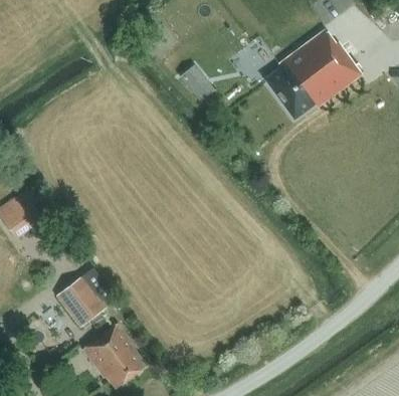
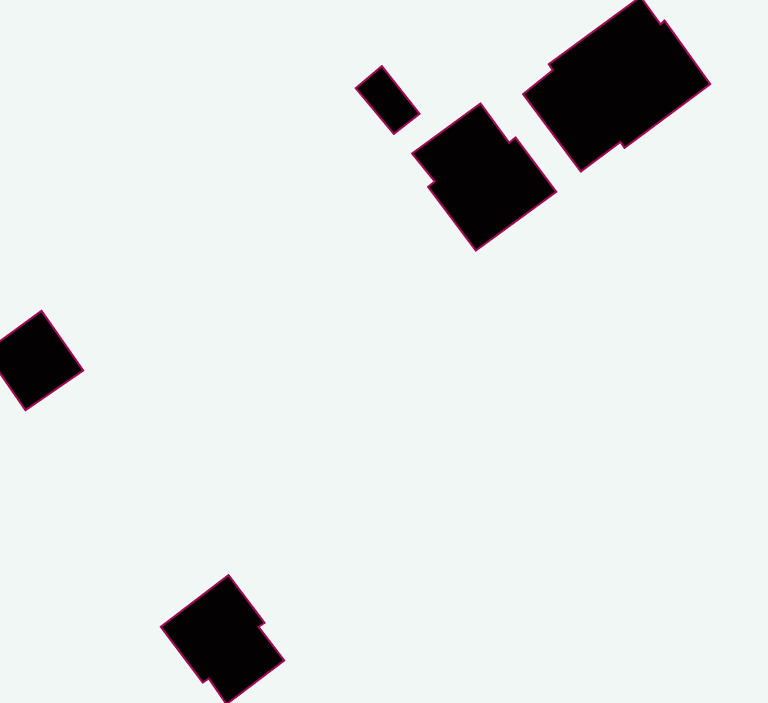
building: none -> [412,103,556,251]
building: [57,277,105,326] -> none

